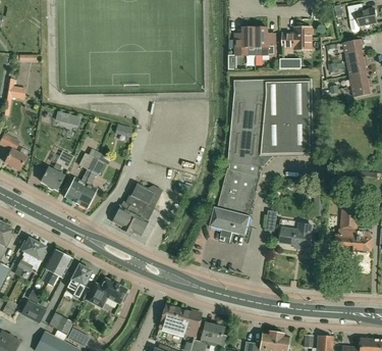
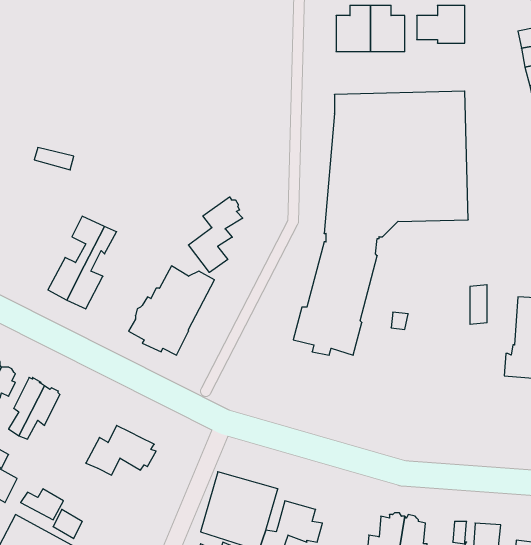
building: none -> [188,197,243,272]
building: [41,150,74,190] -> none
building: [275,223,312,252] -> none
building: [68,264,91,298] -> none

